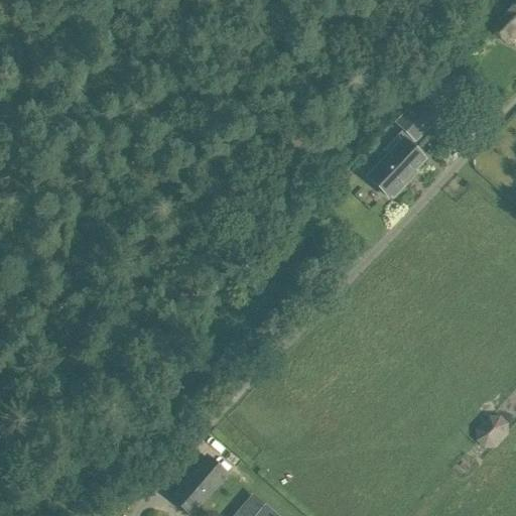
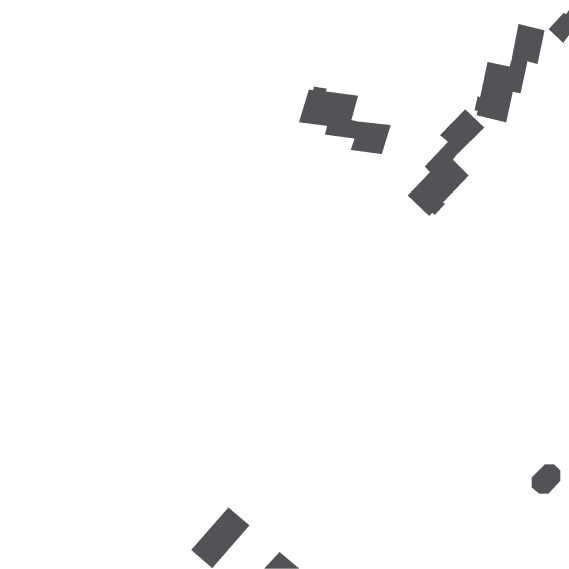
building: none -> [474,23,545,123]
building: none -> [298,86,391,155]

